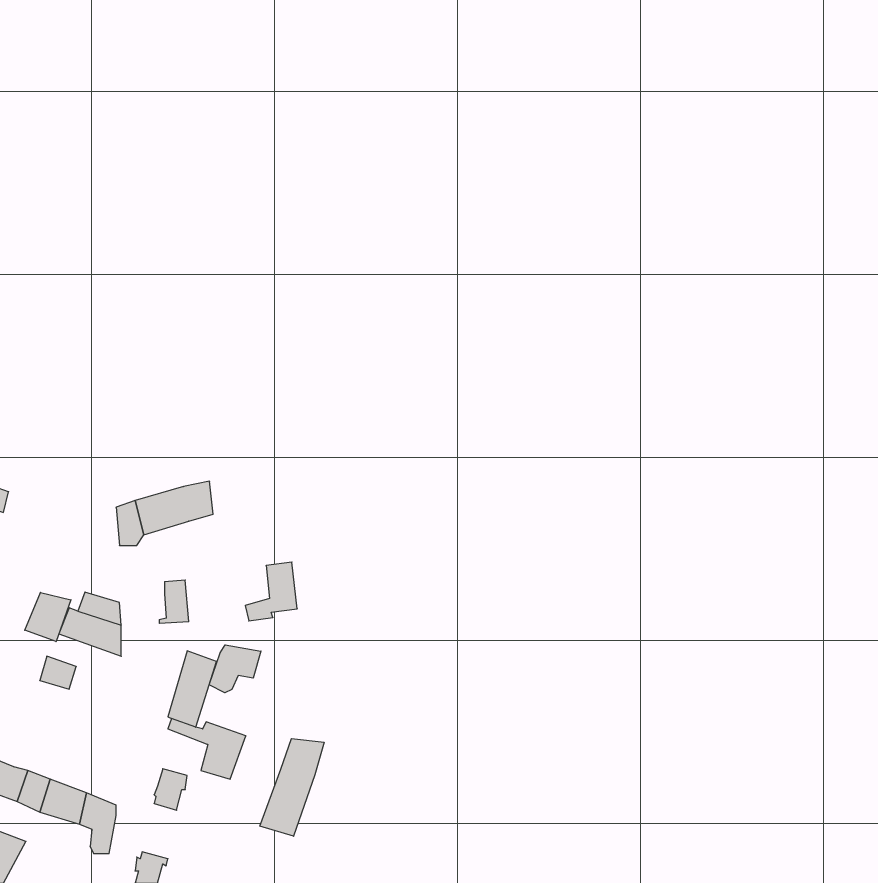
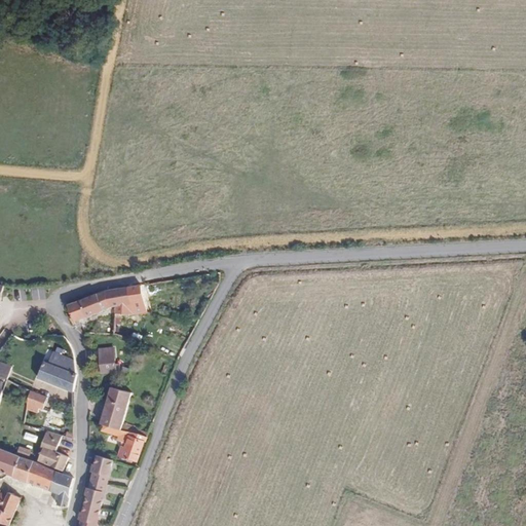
building: [245,562,297,621] -> [112,284,143,318]
building: [25,592,71,642] -> none
building: [209,645,261,693] -> none
building: none -> [35,428,65,468]
building: [260,739,324,836] -> none
building: none -> [84,482,104,510]

